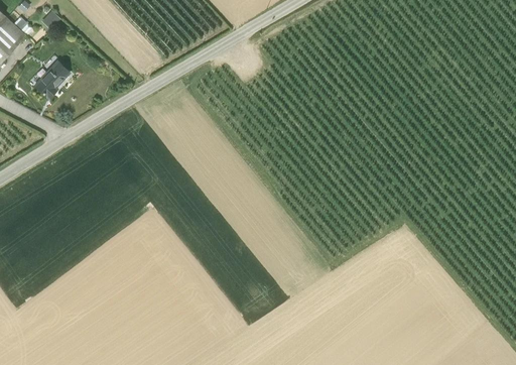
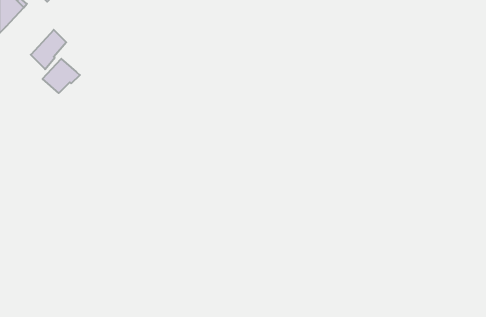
building: none -> [43,59,80,93]

